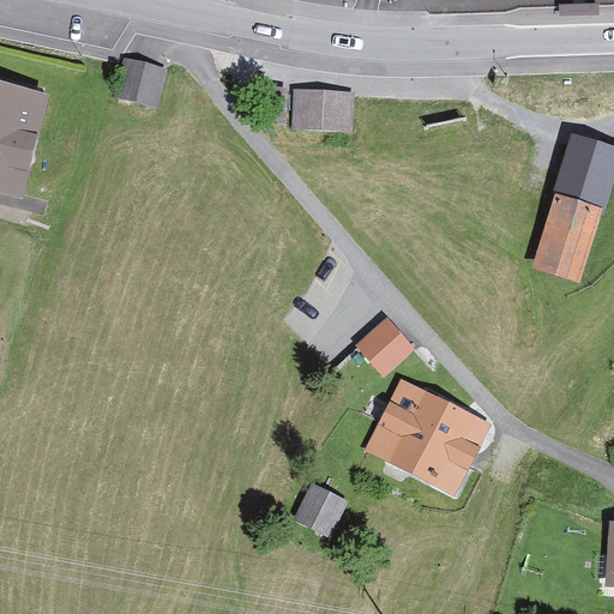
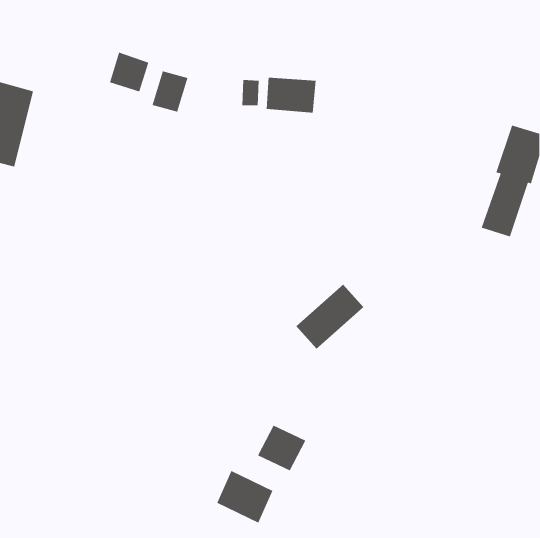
building: none -> [152,71,188,112]
building: [373,381,486,484] -> none
building: none -> [217,470,273,524]

